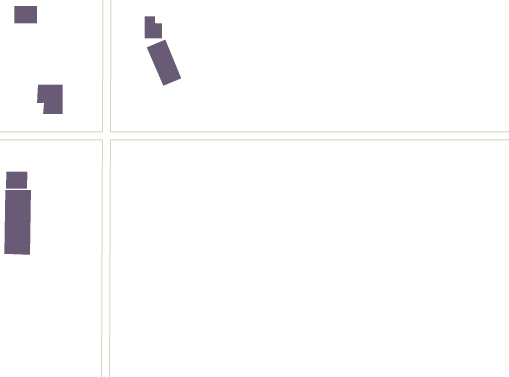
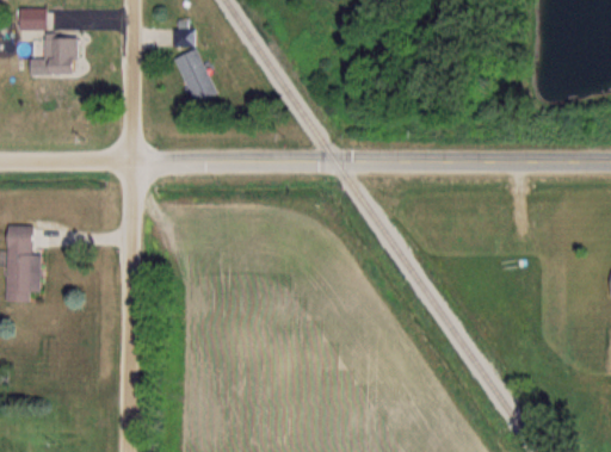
building: [36,84,63,114] -> [41,38,73,74]
building: [5,171,28,189] -> none

